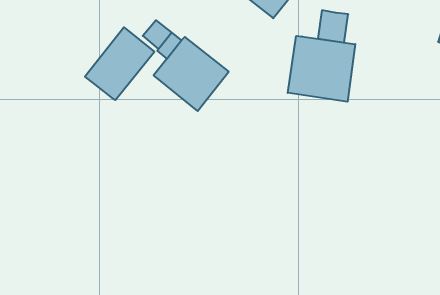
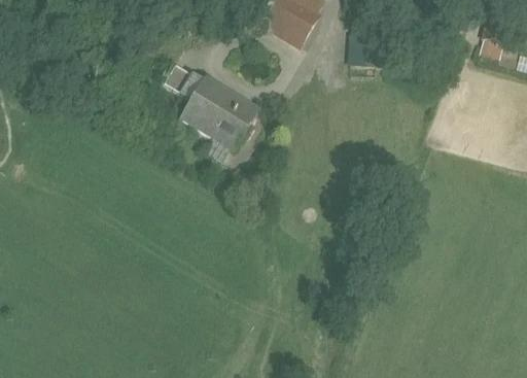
building: [85,27,154,100] -> none
building: [288,36,355,102] -> none

